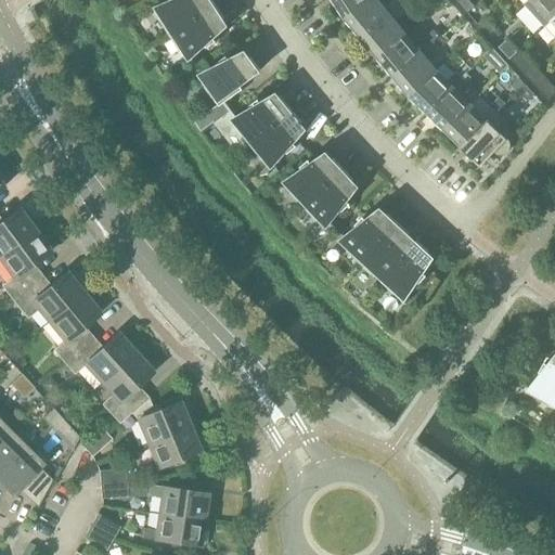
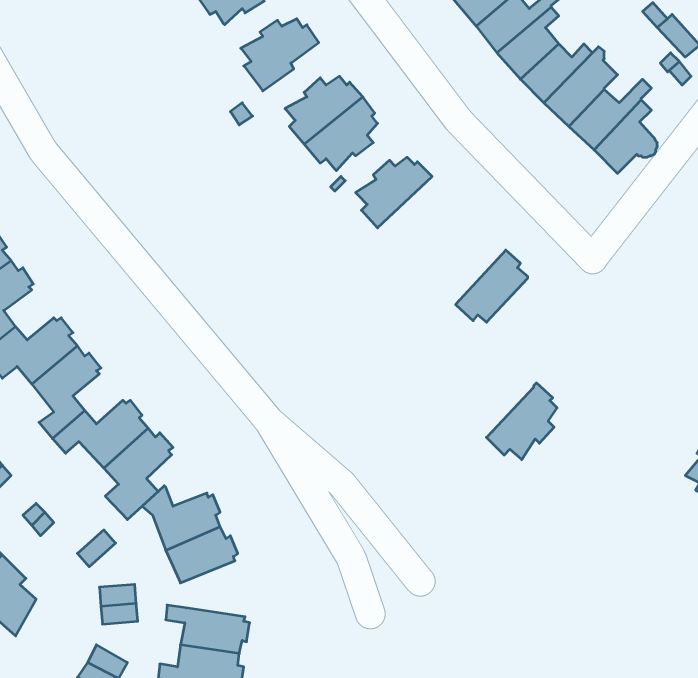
building: [304,168,357,223] -> none
building: [344,210,398,262] -> none
building: [379,240,431,296] -> [486,383,557,460]

